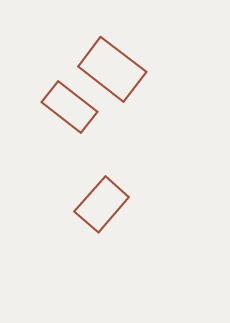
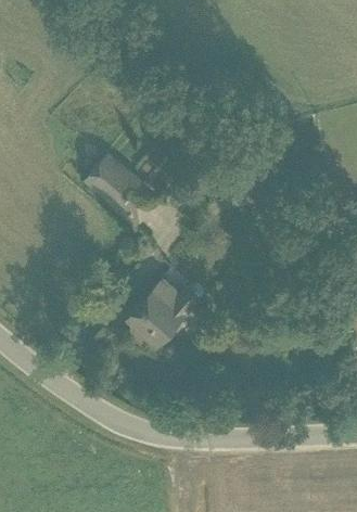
building: [78,37,147,102] -> none

